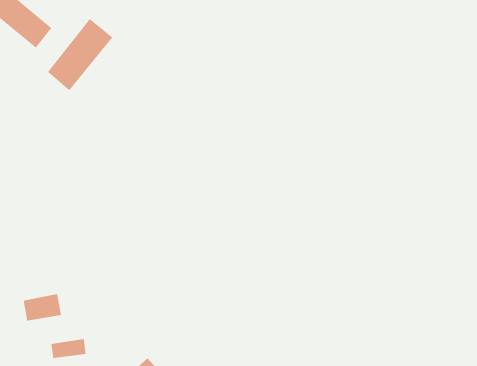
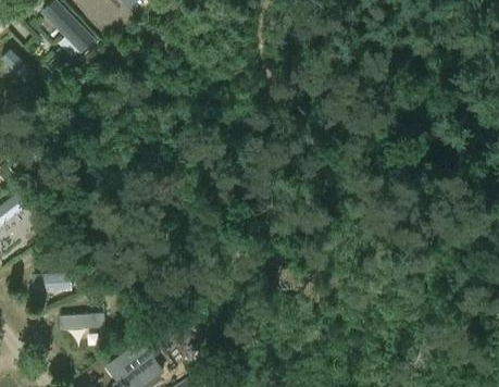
building: [47,18,113,91] -> none

